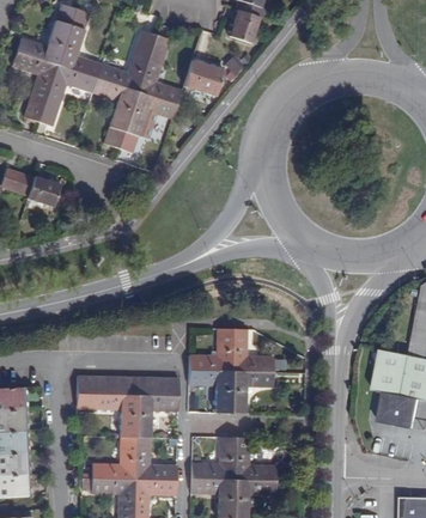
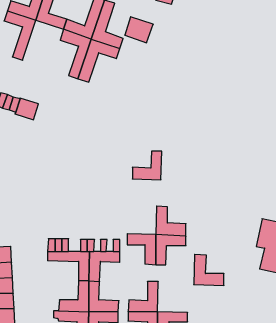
building: [38,65,97,127] -> none
building: [188,330,230,371] -> [132,151,162,180]
building: [231,438,274,482] -> [194,254,224,285]

